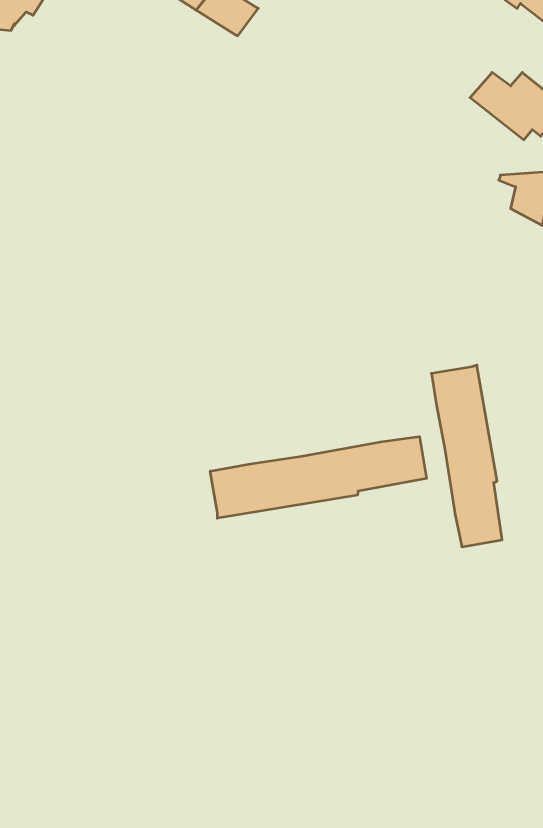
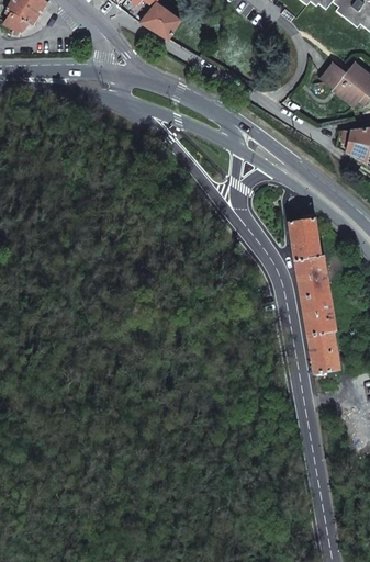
building: none -> [288,216,319,258]
building: [210,437,427,518] -> none

